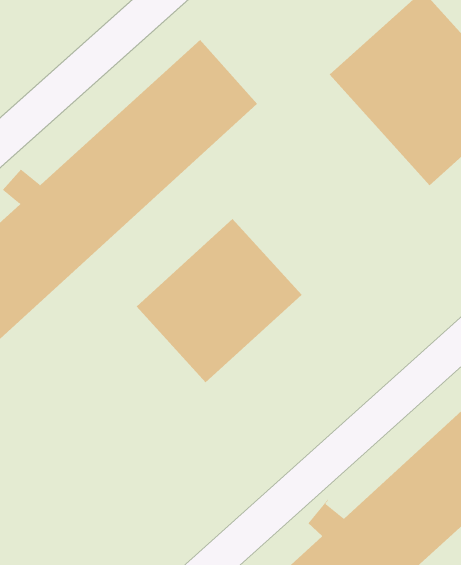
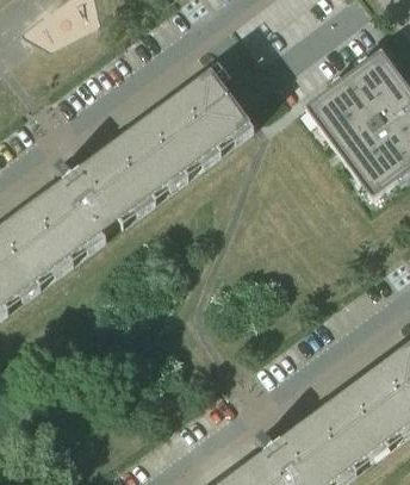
building: [136,218,303,383] -> none

